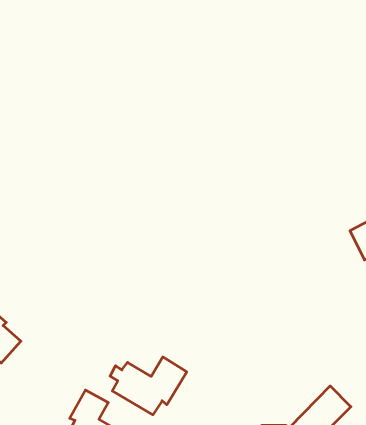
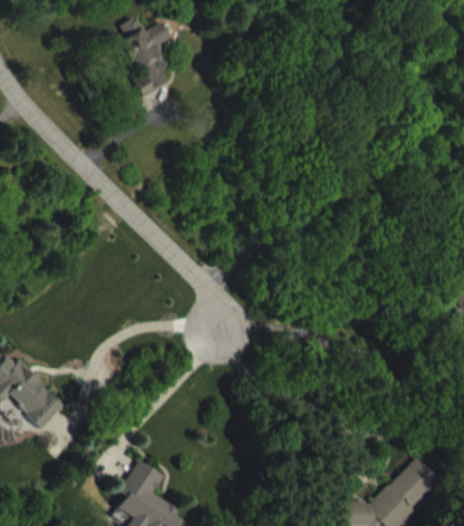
building: none -> [119,20,171,96]
building: [110,357,187,415] -> none

